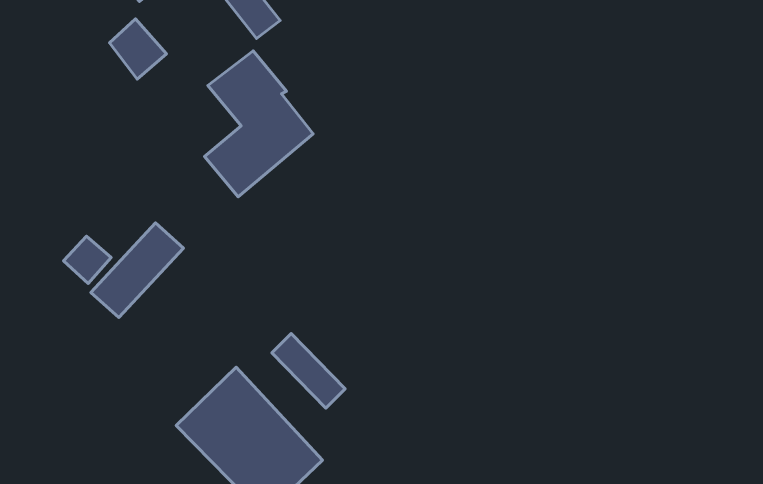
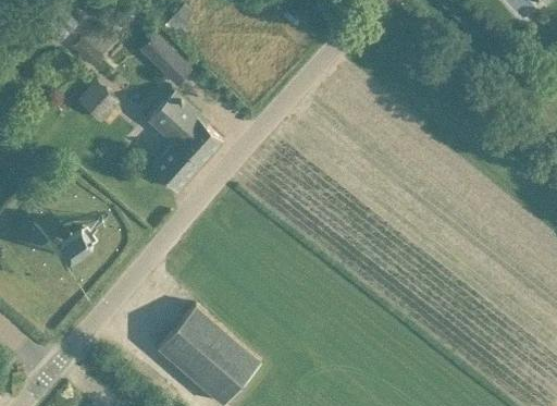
building: [91,223,184,318] -> none
building: [272,333,345,408] -> none

